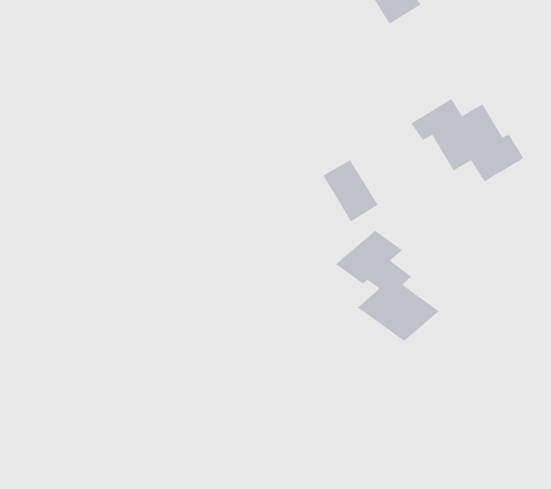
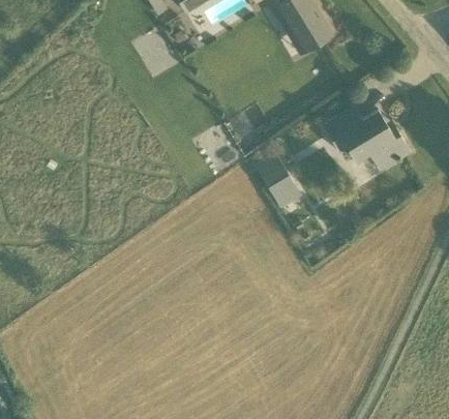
building: [335,230,440,342] -> none

